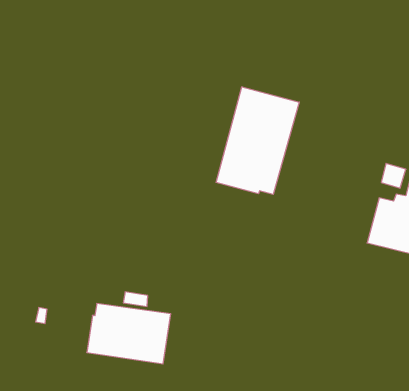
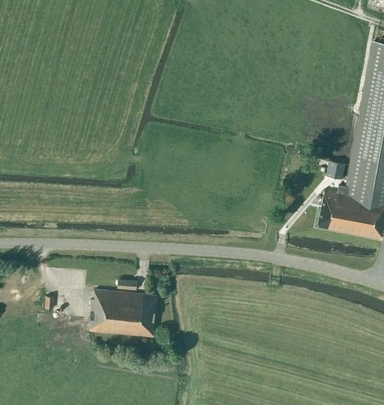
building: [216,87,299,194] -> none

